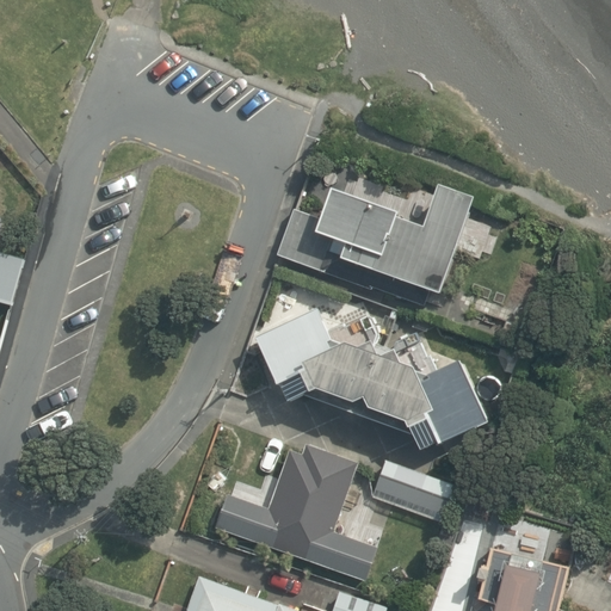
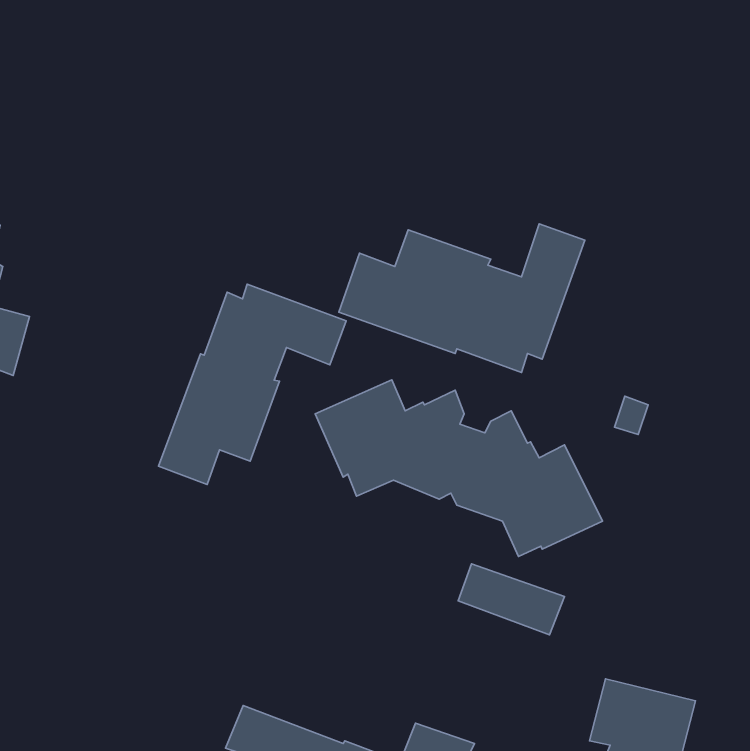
building: none -> [159,284,346,484]
building: [214,444,376,581] -> none

